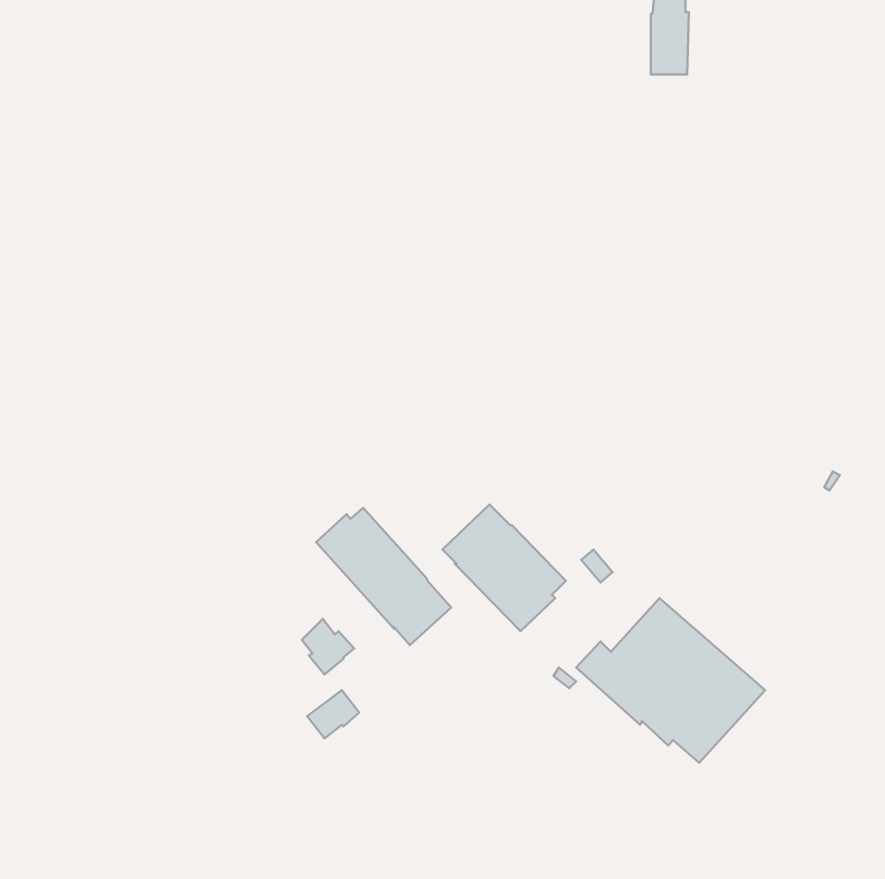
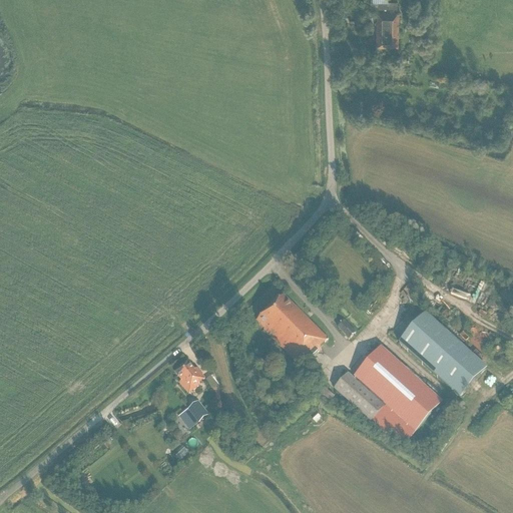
building: [316,508,451,645] -> none
building: none -> [398,306,488,391]

